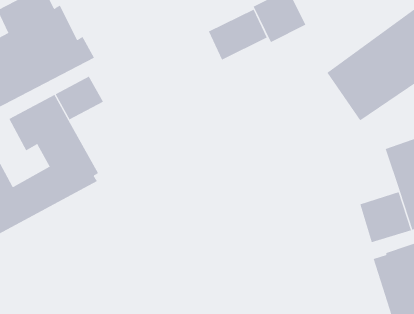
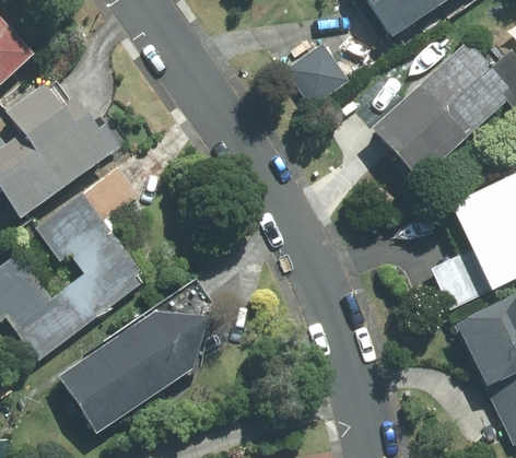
building: [208,9,267,60] -> none
building: none -> [59,280,212,432]

